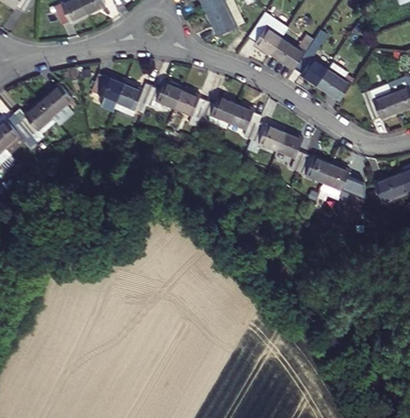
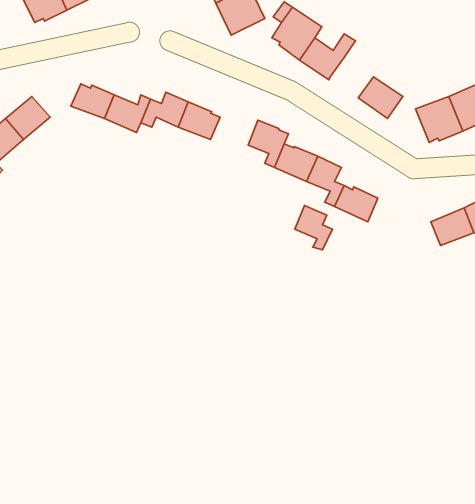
building: [295,53,329,85] -> none
building: [200,94,237,122] -> none
building: [324,164,354,199] -> [295,205,332,250]

